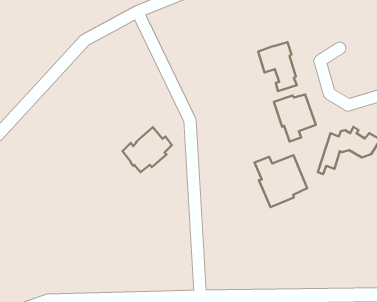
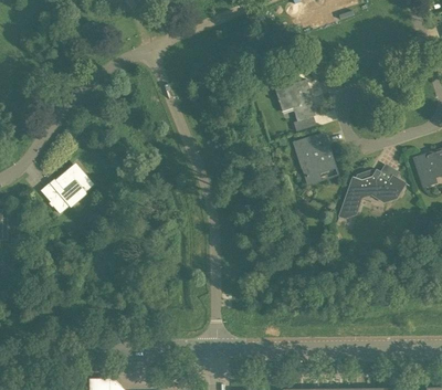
building: [123,127,172,172] -> [41,166,93,213]
building: [255,155,307,207] -> none

